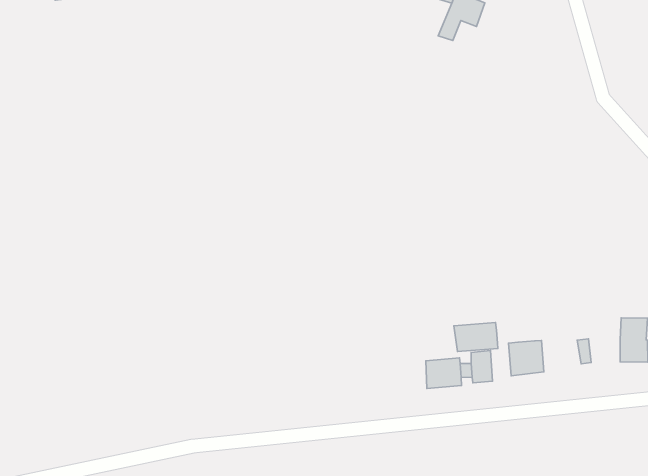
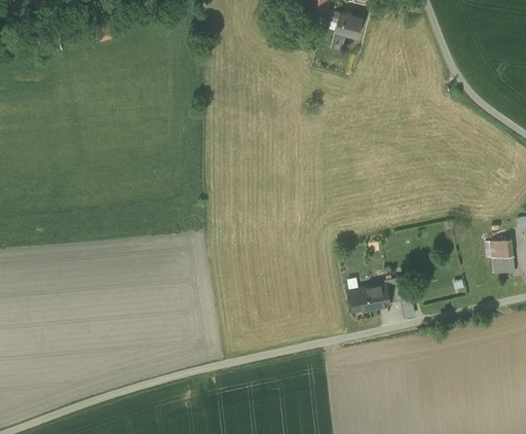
building: [454,322,498,352] -> none
building: [508,340,544,376] -> none

